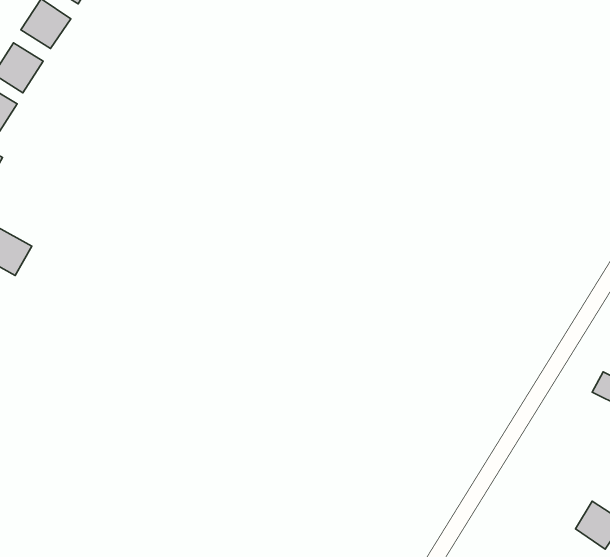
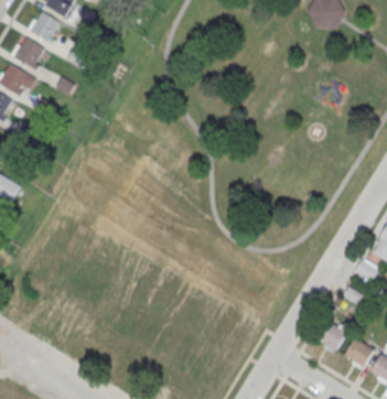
building: none -> [319,319,351,353]

